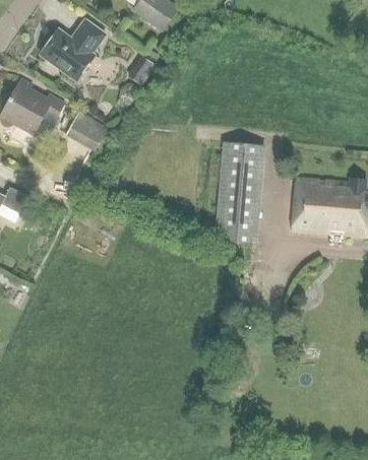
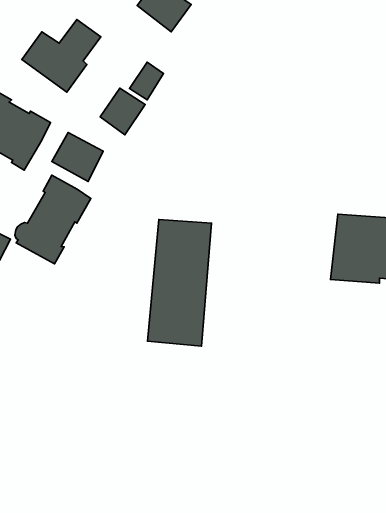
building: none -> [100,88,145,135]
building: [212,140,264,243] -> [148,219,212,346]
building: none -> [15,175,91,264]

